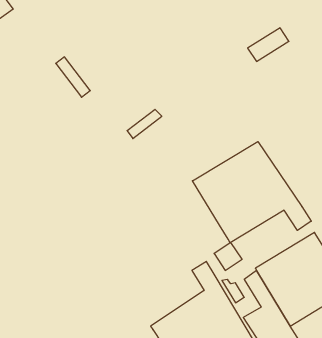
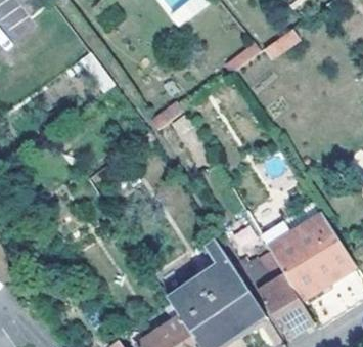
building: [192,142,311,243] -> none

